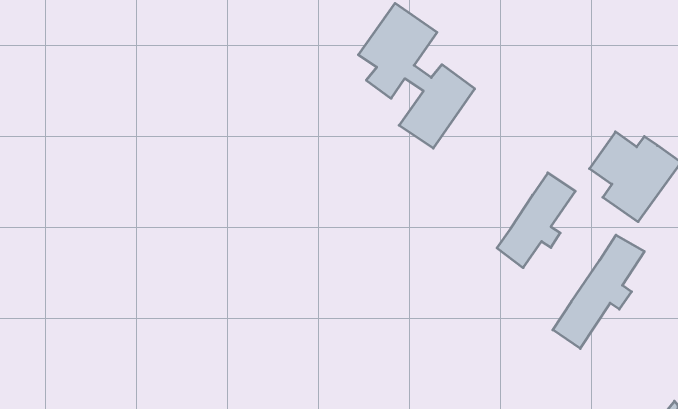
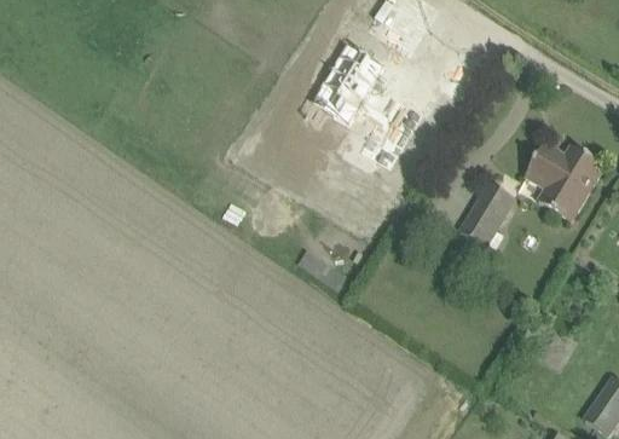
building: [553,235,644,349] -> none

